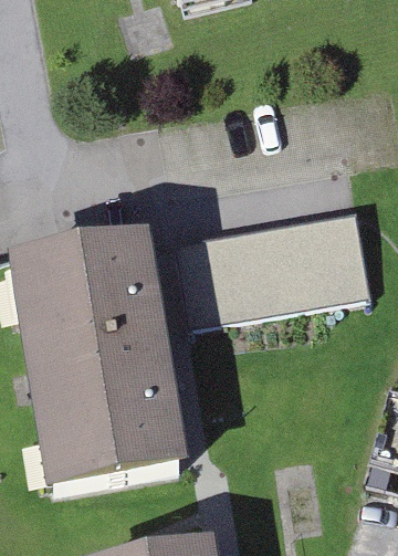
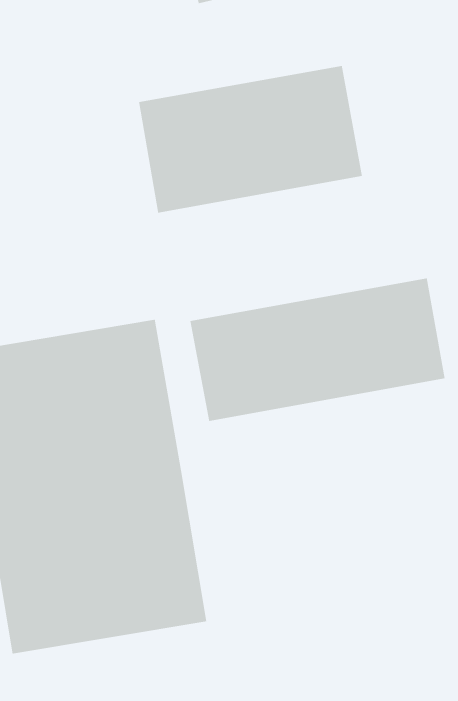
building: none -> [139,65,362,213]

